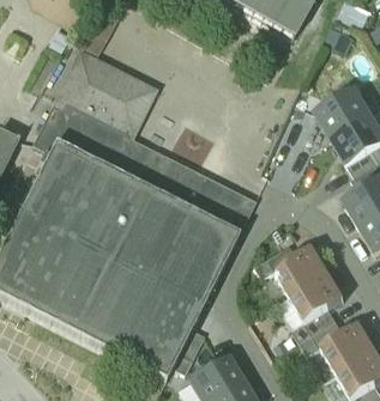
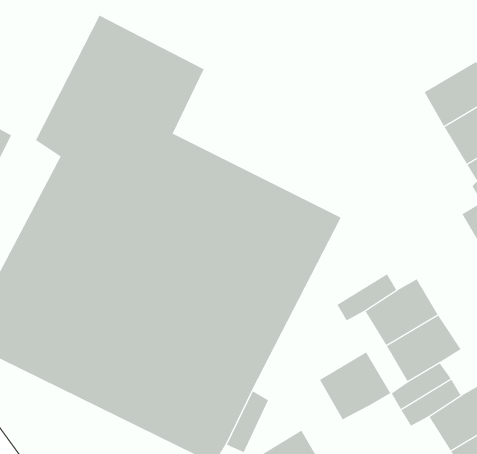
building: none -> [319,351,391,420]

